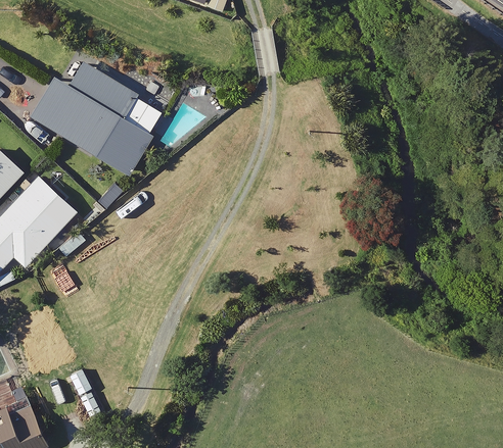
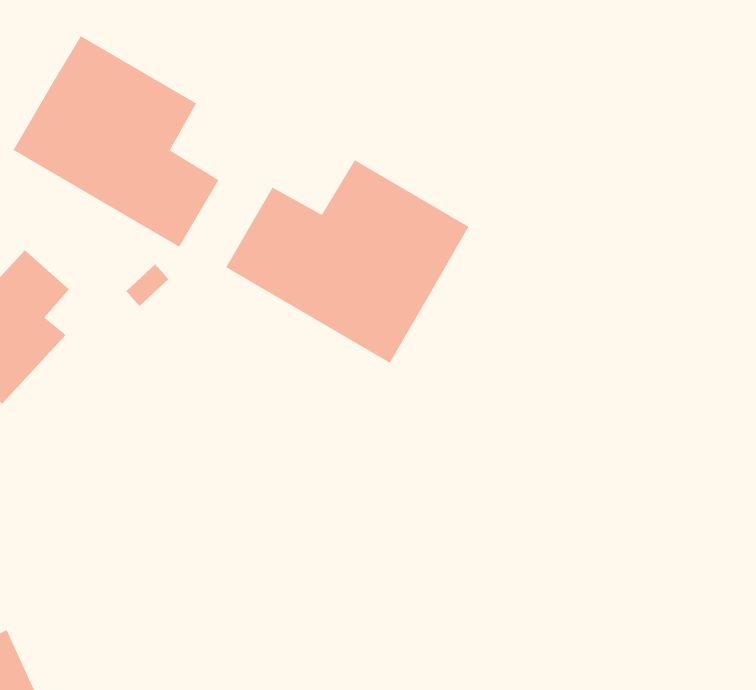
building: none -> [225,159,469,364]

